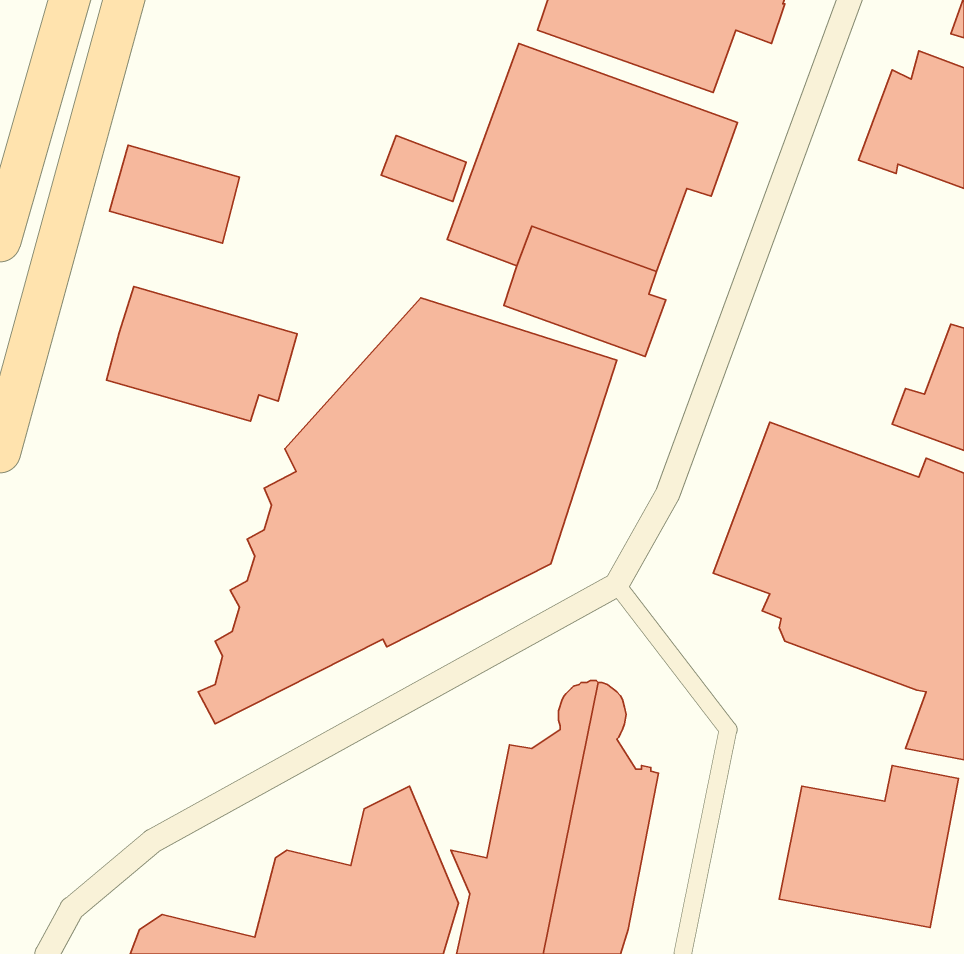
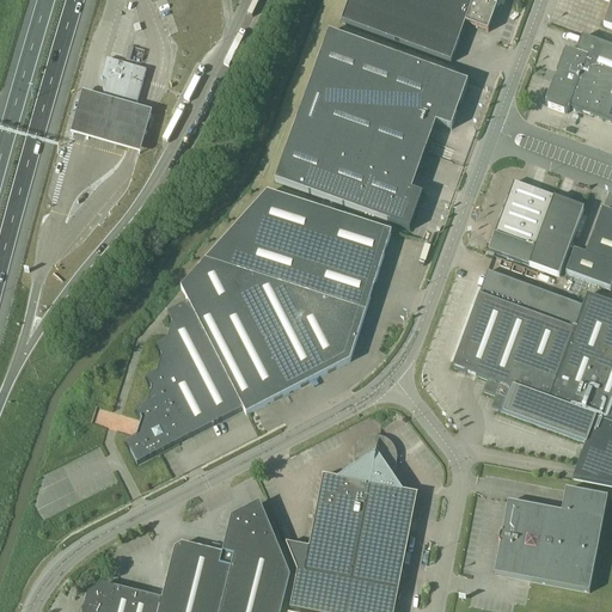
building: none -> [100,55,146,105]
building: [381,136,466,202] -> [274,152,328,194]
building: none -> [488,178,583,273]
building: [107,286,297,421] -> none

